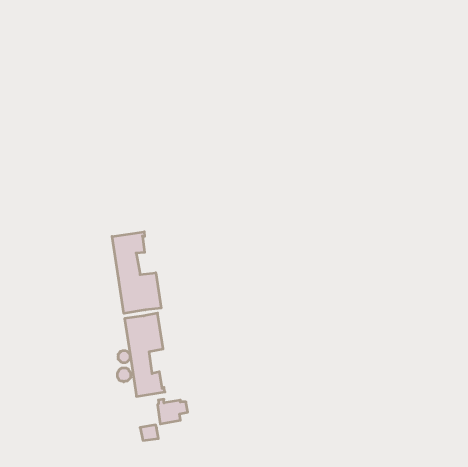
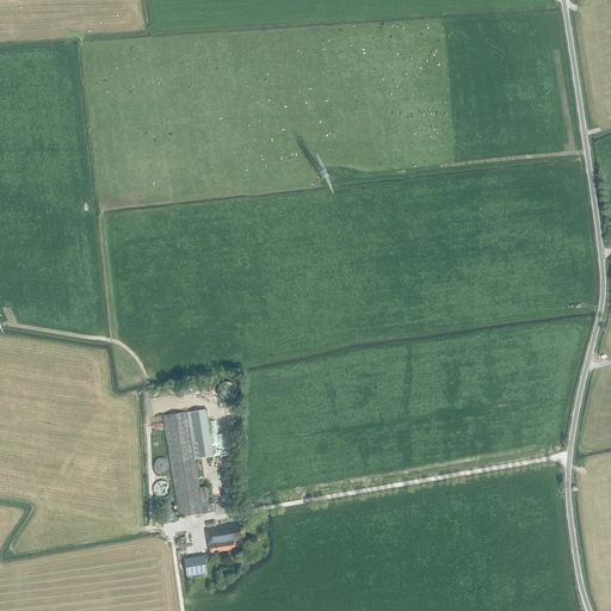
building: [112,232,161,313] -> none

